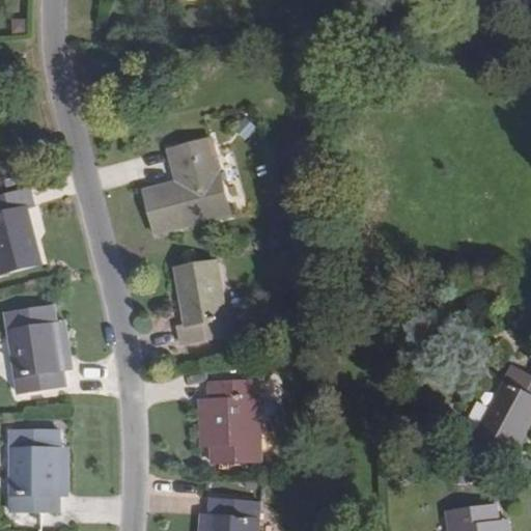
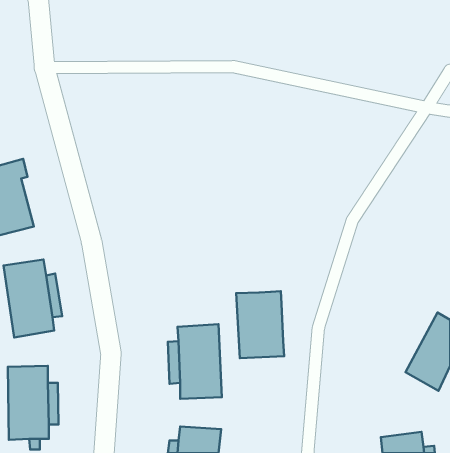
building: [144,141,227,233] -> none
building: [173,260,228,347] -> none
building: none -> [236,291,284,358]

